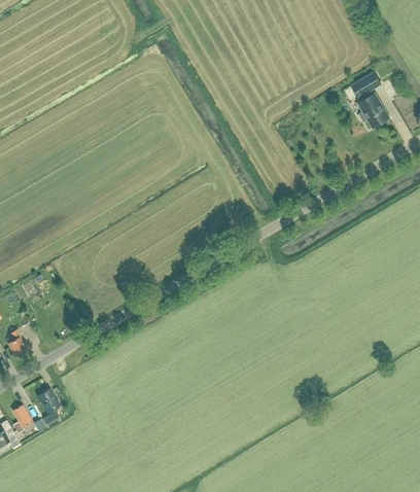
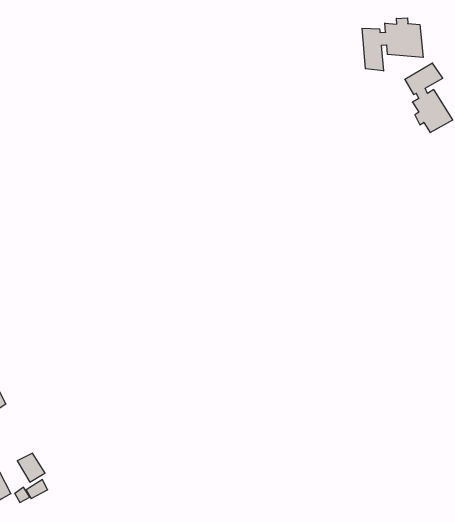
building: none -> [362,18,423,71]

